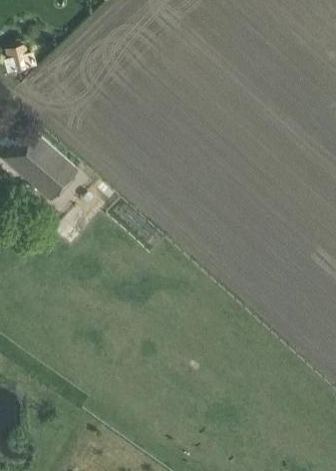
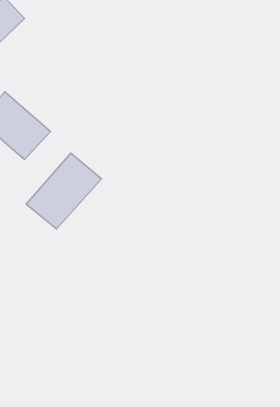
building: none -> [26,153,101,229]

